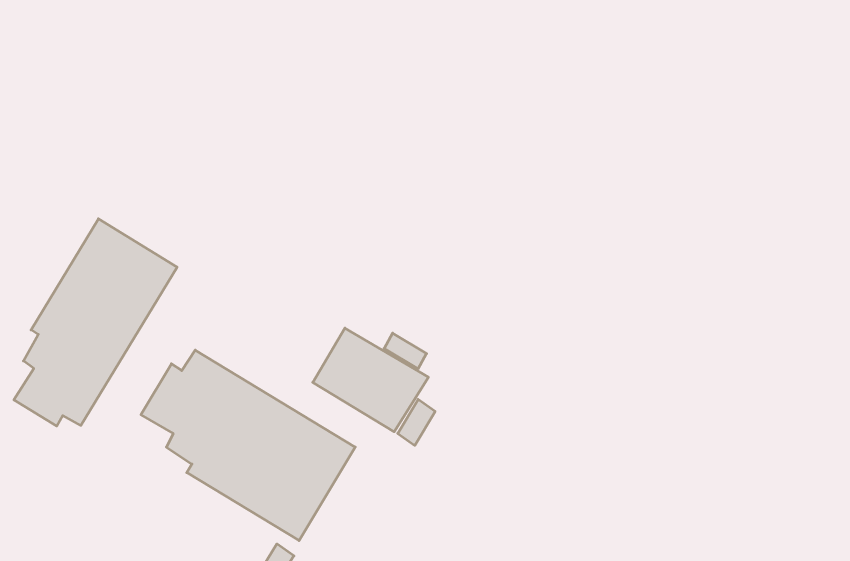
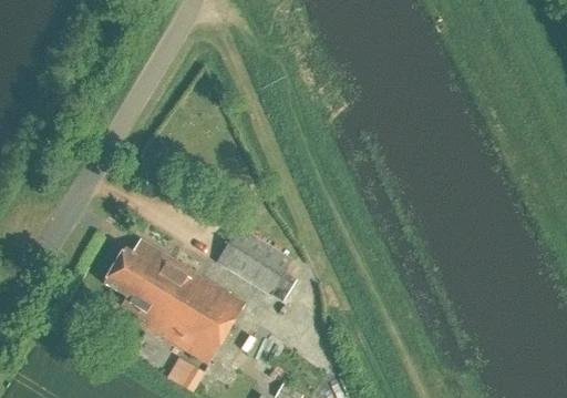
building: [14,219,177,426] -> none

